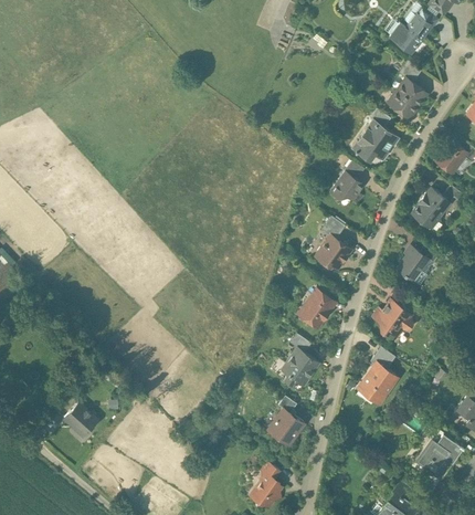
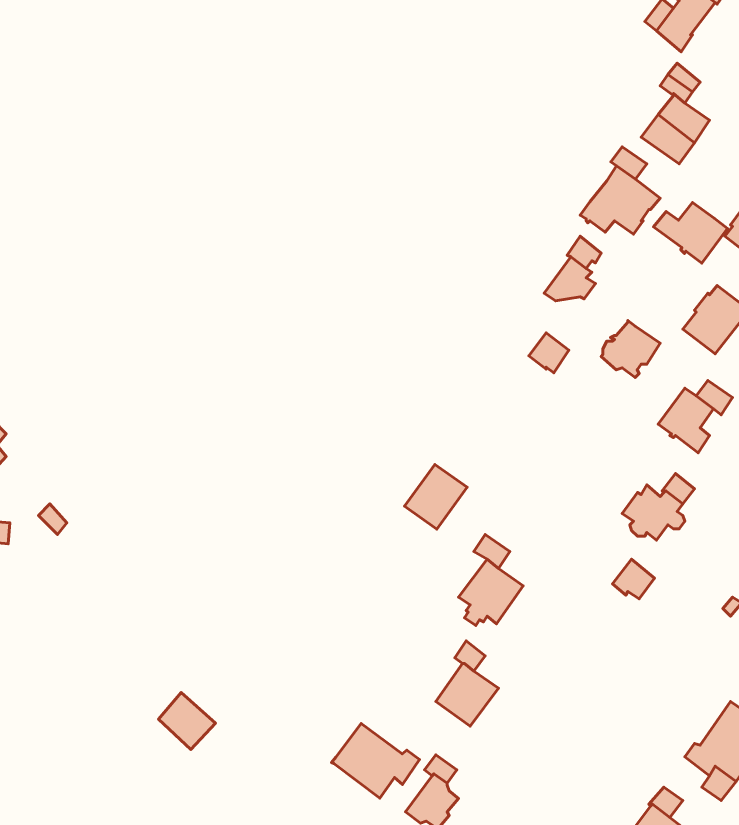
building: none -> [653,203,727,263]
building: [316,237,350,270] -> [601,320,660,377]
building: [298,291,335,328] -> [404,464,467,529]
building: [359,367,397,401] -> none
building: [64,403,97,437] -> [158,693,216,750]
building: none -> [332,723,419,798]

